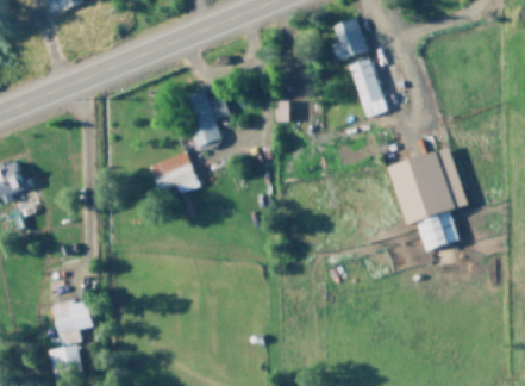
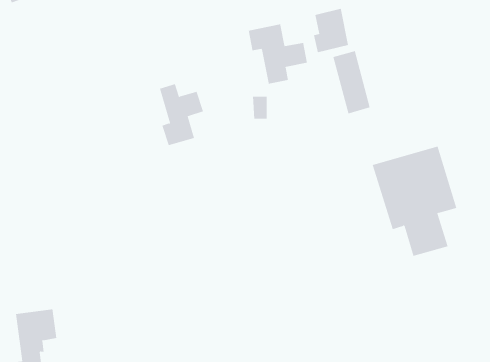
building: none -> [248,23,308,85]
building: [151,152,200,193] -> none

